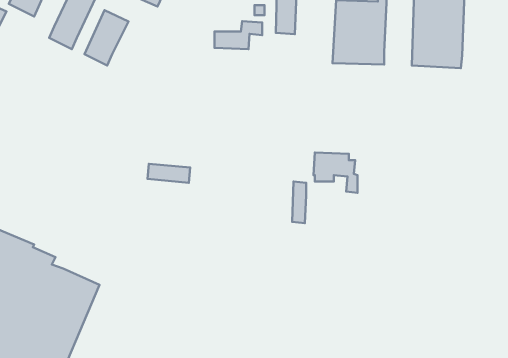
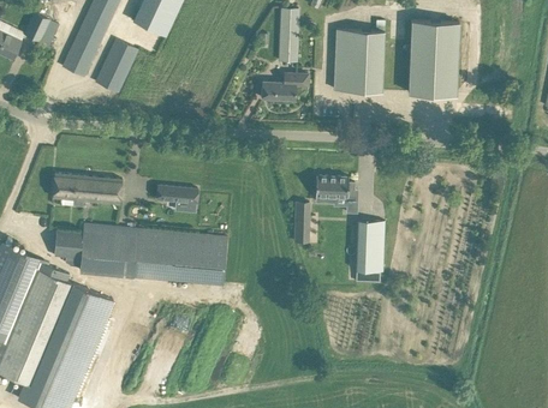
building: [214,21,262,49] -> [262,73,308,100]
building: none -> [52,174,123,208]
building: none -> [356,221,385,283]
building: none -> [54,224,227,283]

